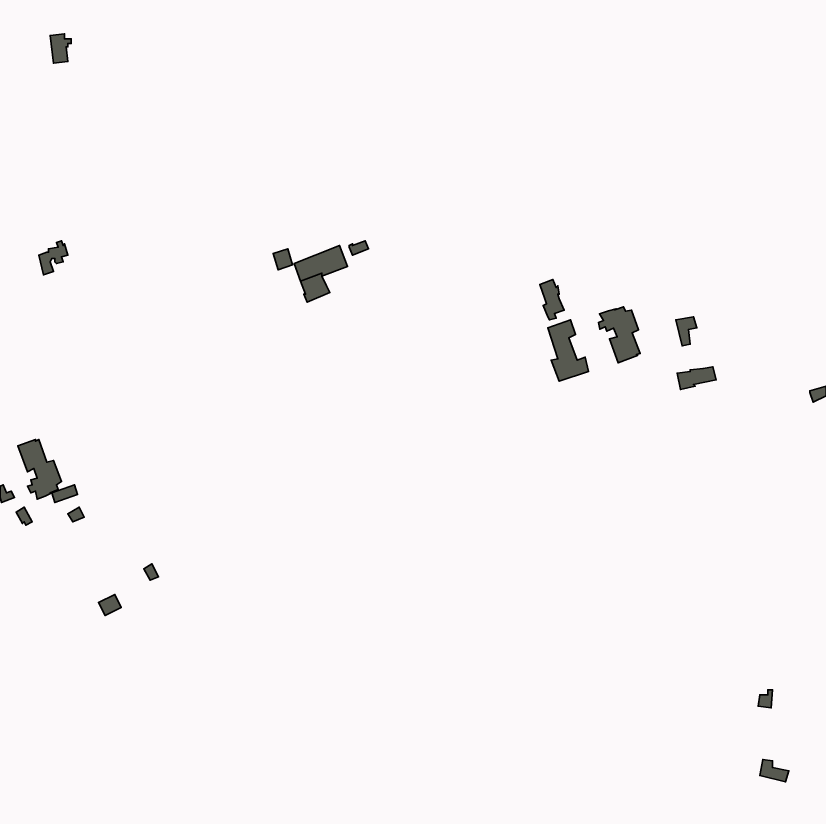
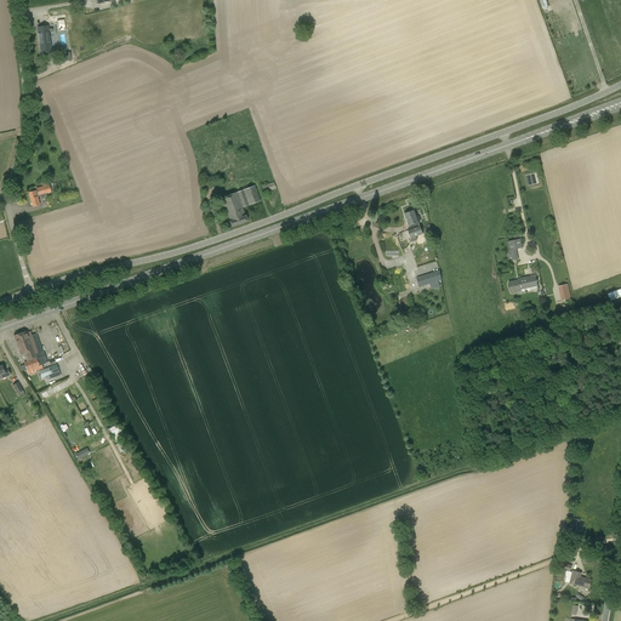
building: [598,307,640,363] -> none

